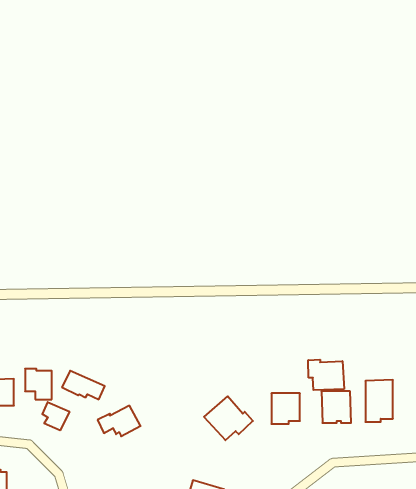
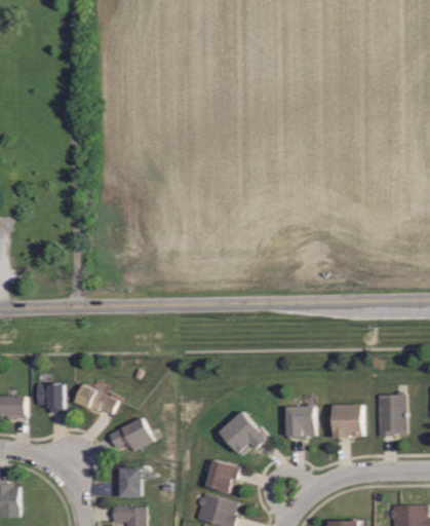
building: [308,360,344,390] -> none
building: [42,402,69,430] -> none
building: none -> [204,459,238,493]
building: none -> [119,467,142,496]

